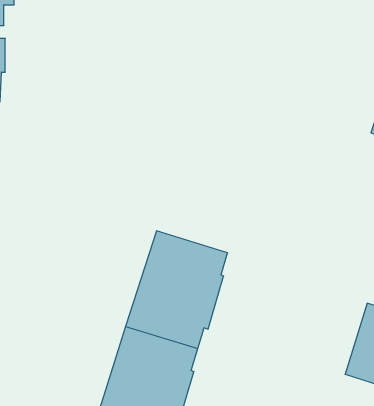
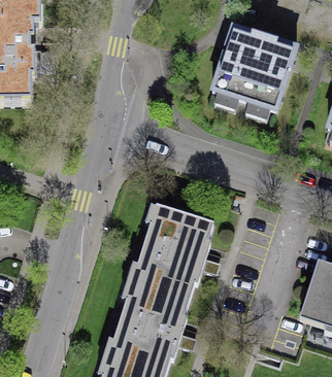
building: none -> [211,25,296,109]

